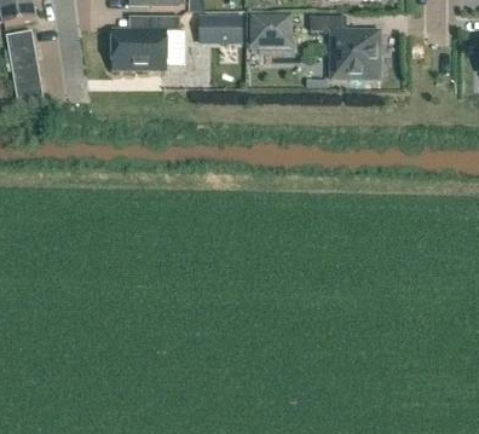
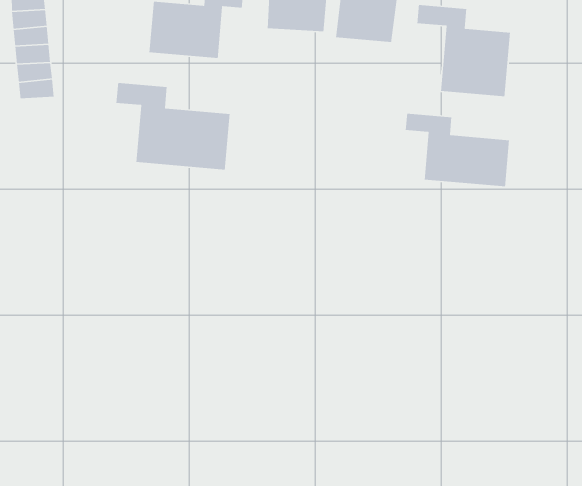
building: none -> [116,82,231,170]
building: none -> [405,113,510,187]

